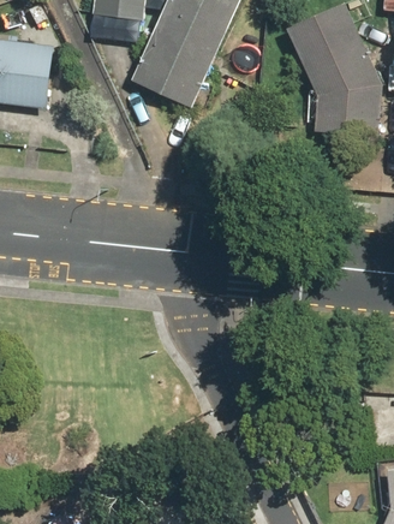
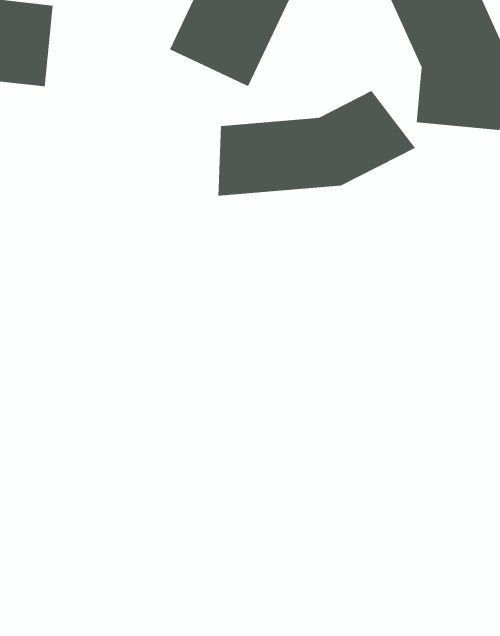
building: none -> [218,90,416,196]

